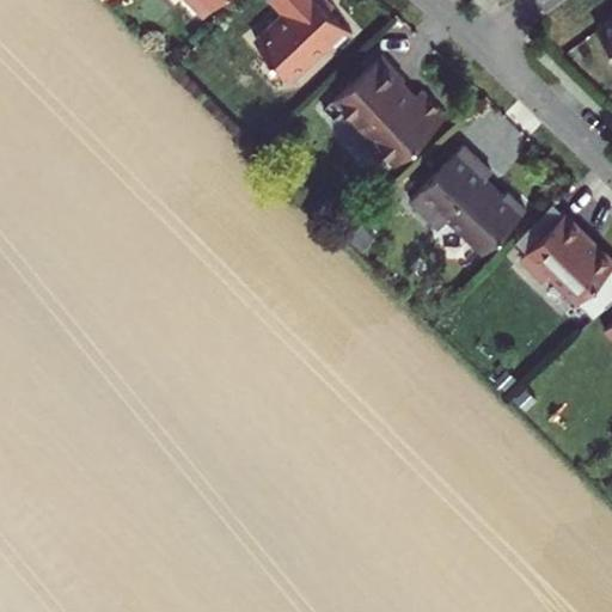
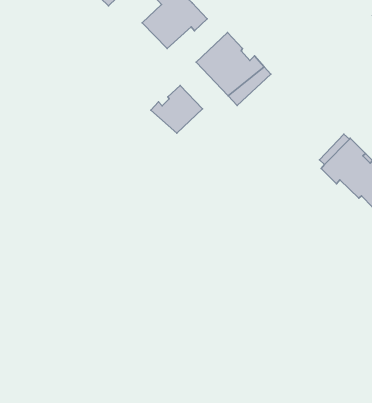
building: none -> [151,85,202,133]
building: [410,147,526,255] -> none

